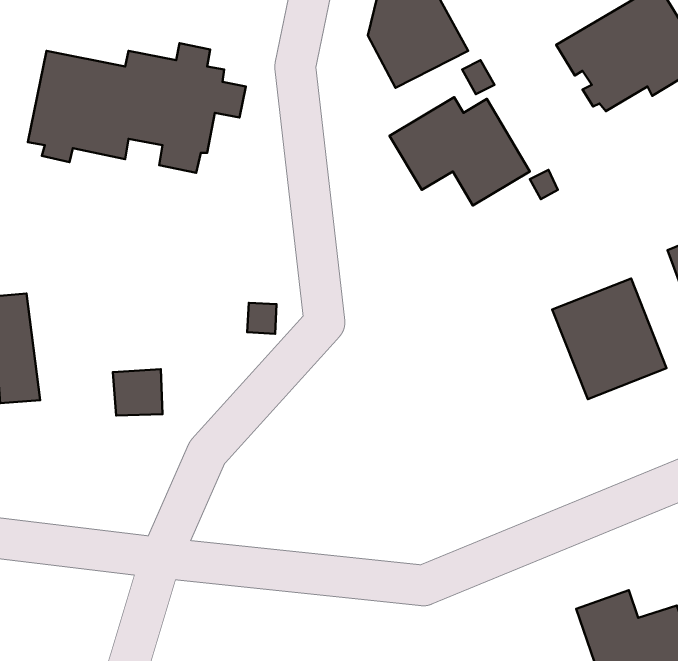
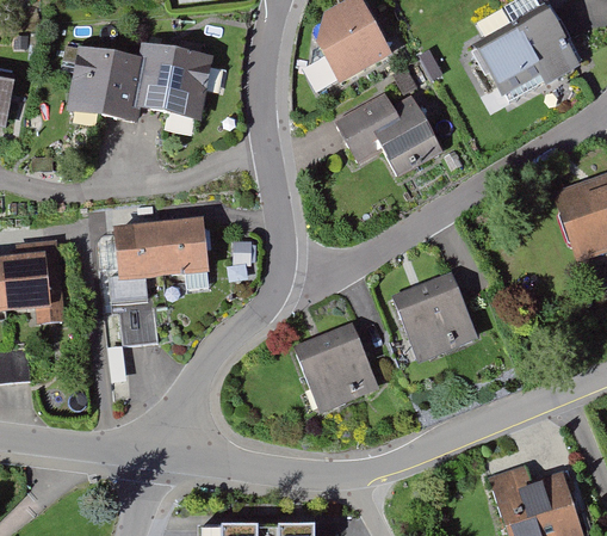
building: none -> [117,215,212,285]
building: [552,279,667,399] -> [390,264,478,357]
building: none -> [291,318,376,408]

